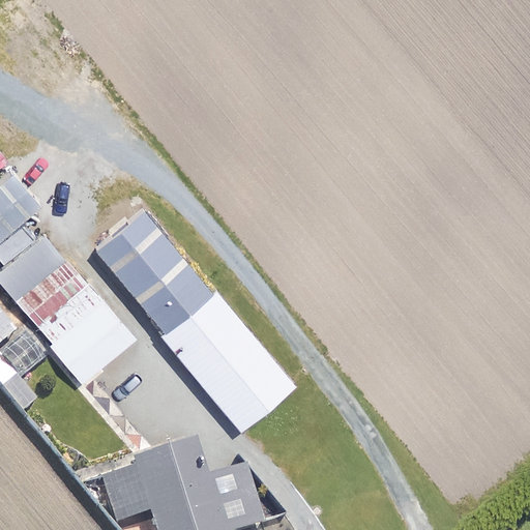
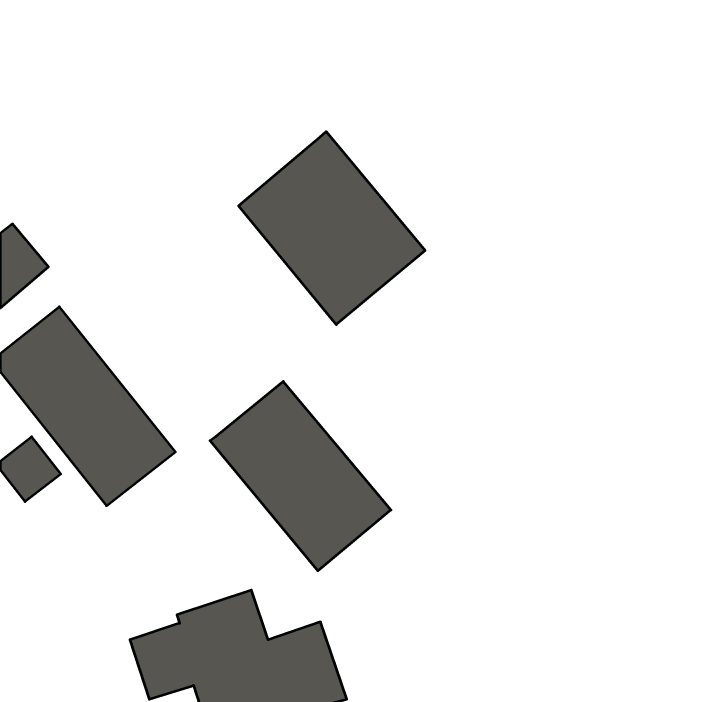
building: none -> [239,132,425,325]
building: [94,207,212,330] -> none

